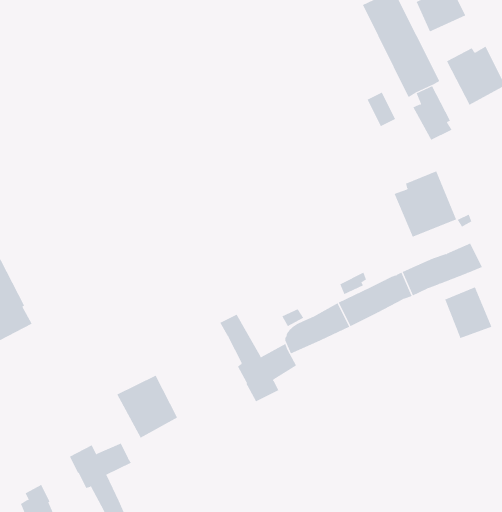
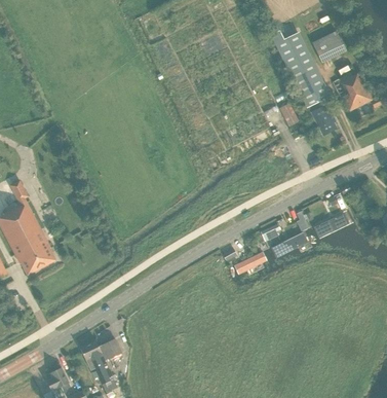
building: [394,171,457,237] -> none
building: [445,286,492,339] -> none
building: [219,314,297,402] -> none
building: [117,375,178,438] -> none

